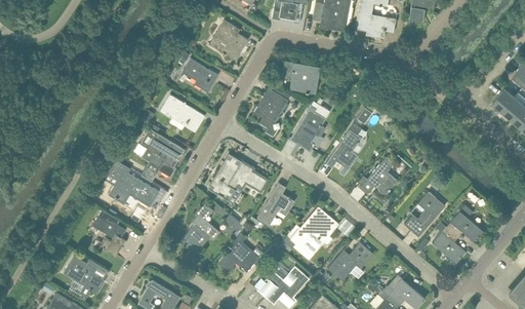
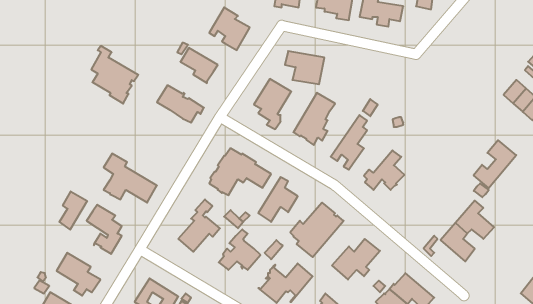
building: [139,122,185,178] -> [91,46,138,104]
building: [404,191,445,237] -> [474,140,516,188]
building: none -> [59,191,87,230]

